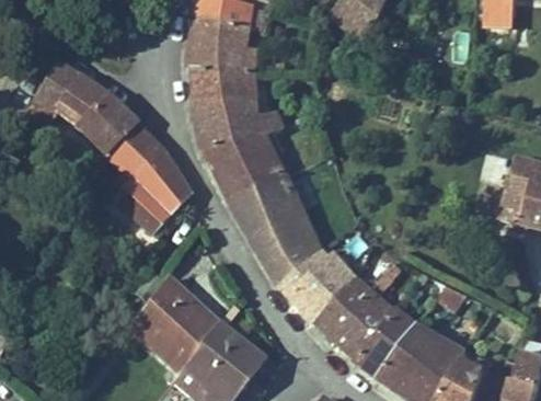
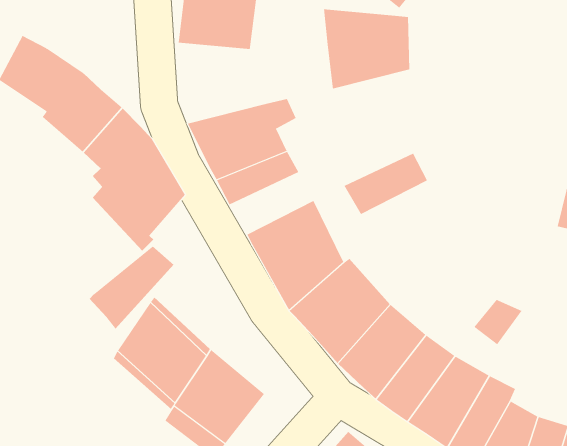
building: [186,66,258,133] -> [323,9,410,89]
building: [229,173,299,225] -> [343,153,428,215]
building: none -> [89,245,174,329]

